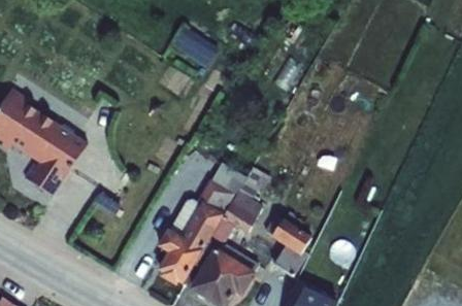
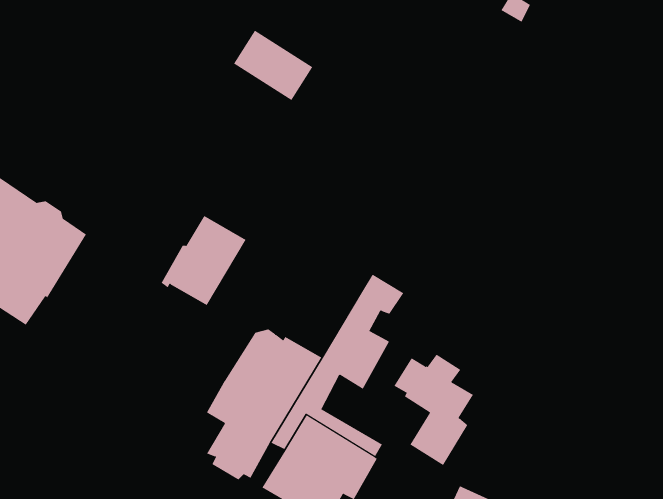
building: [197,162,246,214] -> [161,215,247,306]

